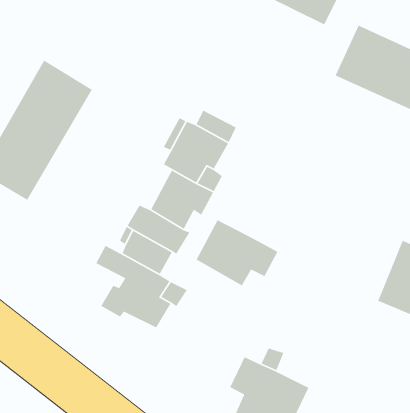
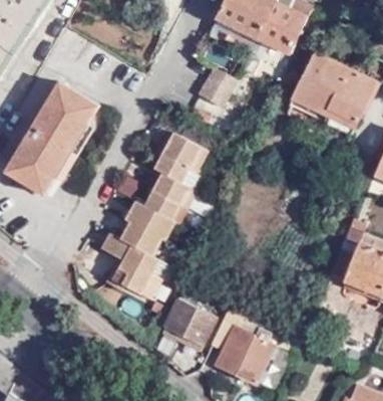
building: none -> [196,66,238,110]
building: [195,219,278,286] -> none
building: none -> [162,298,213,347]

